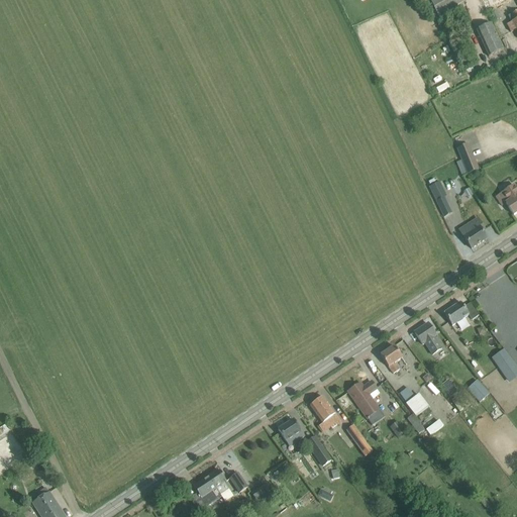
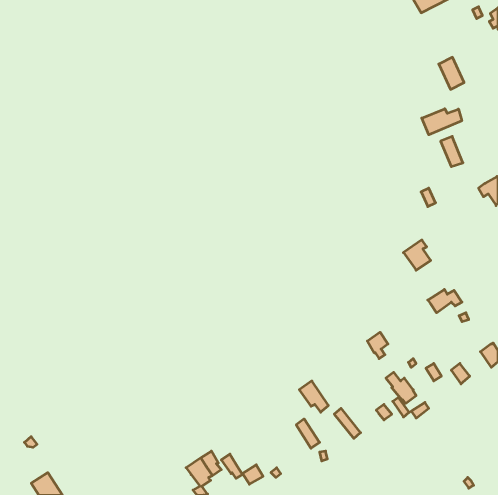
building: [477,21,503,55] -> [439,57,464,89]
building: none -> [422,109,462,135]
building: [458,215,487,246] -> [403,240,431,270]
building: [415,321,444,354] -> none
building: [348,380,384,423] -> none
building: [279,417,305,444] -> none

